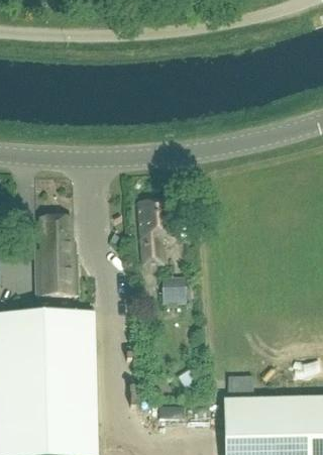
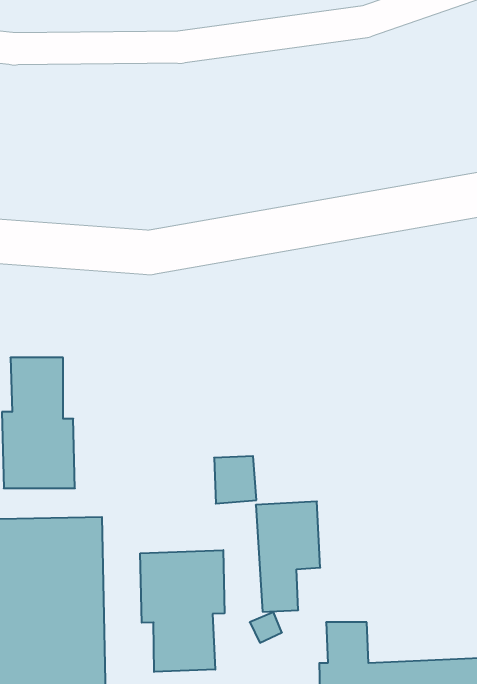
building: [137,200,176,265] -> [256,501,320,612]
building: none -> [140,550,224,672]

